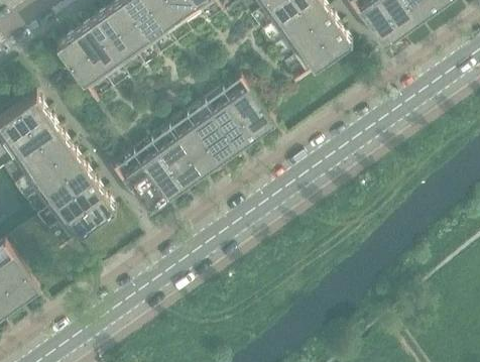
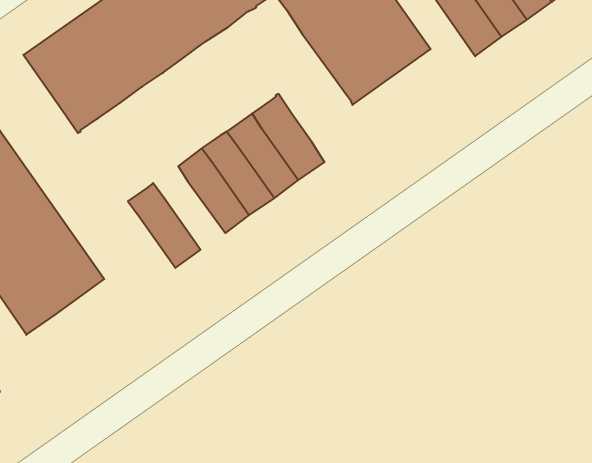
building: [149,124,202,185] -> none
building: [112,149,165,211] -> none

